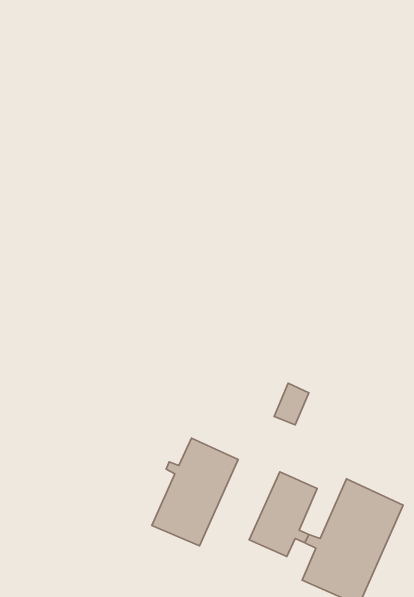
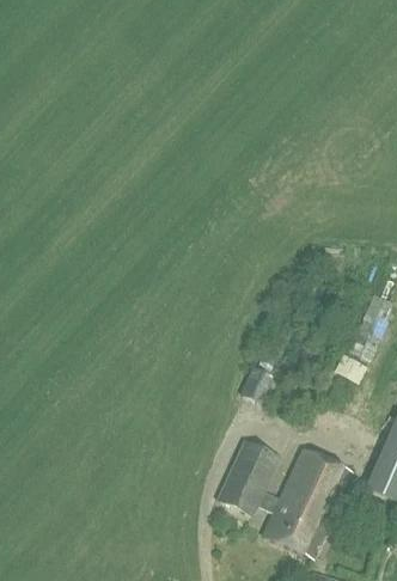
building: [152,438,238,546] -> none

